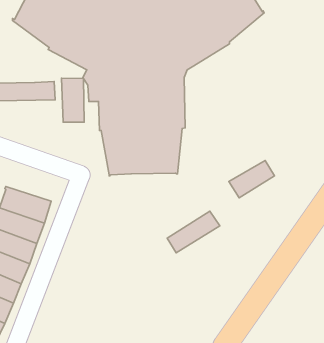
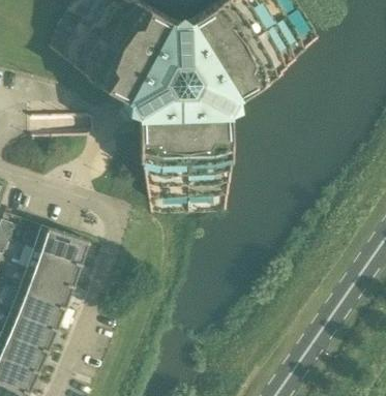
building: [62,78,84,122] -> none
building: [229,160,274,198] -> none
building: [167,211,220,253] -> none

